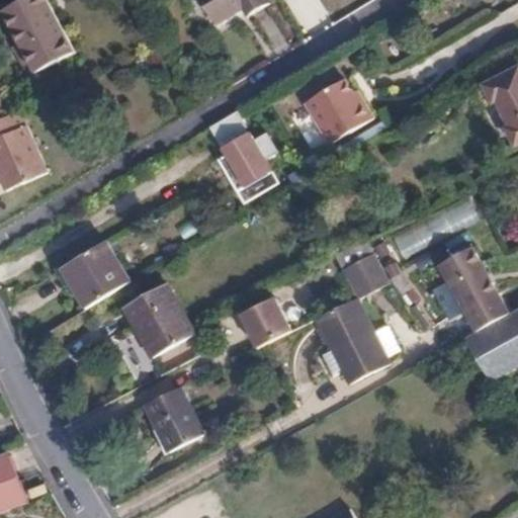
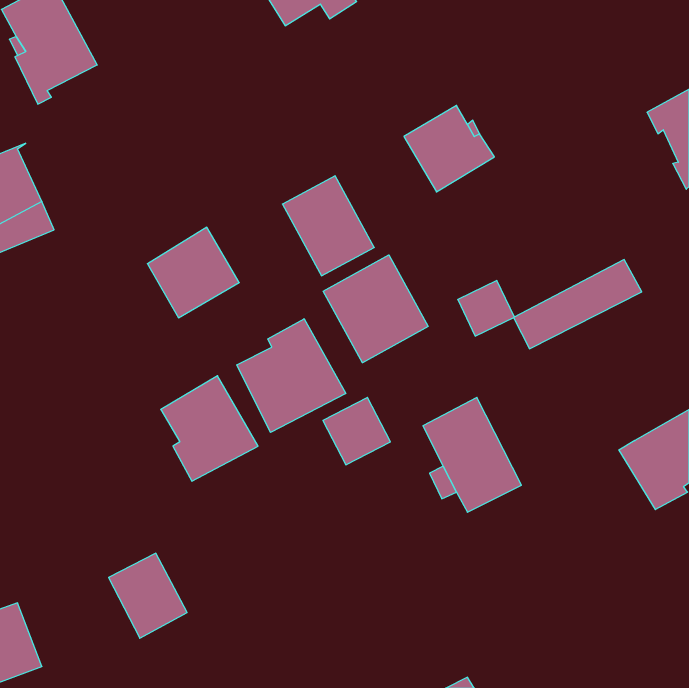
building: none -> [323,255,428,363]
building: none -> [237,319,346,432]
building: [58,240,126,308] -> [147,227,239,318]
building: [438,243,511,330] -> none
building: [344,256,386,297] -> [458,281,514,336]
building: [143,390,201,453] -> [109,553,187,638]

